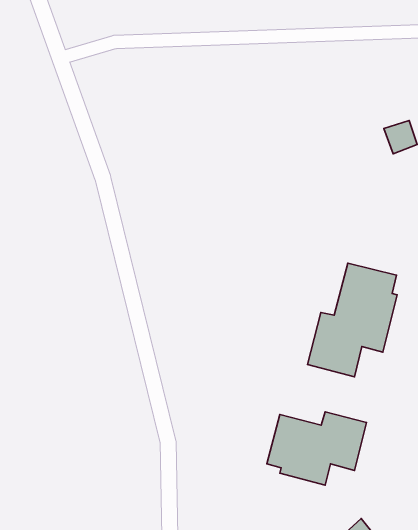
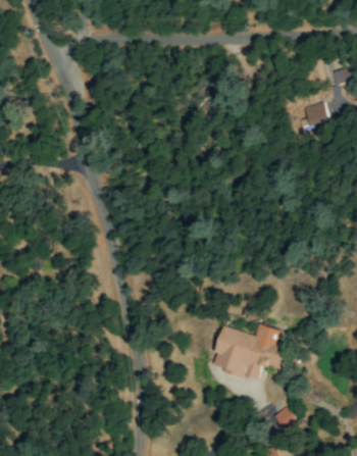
building: [307,263,397,377] -> none

